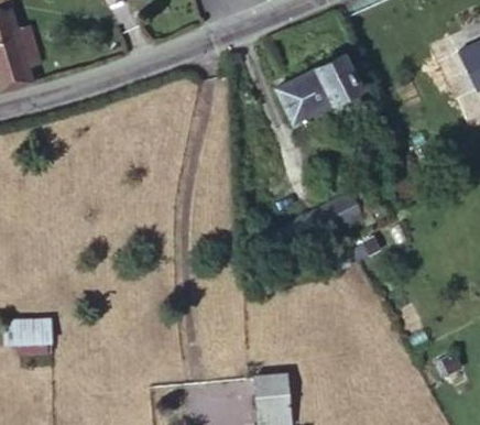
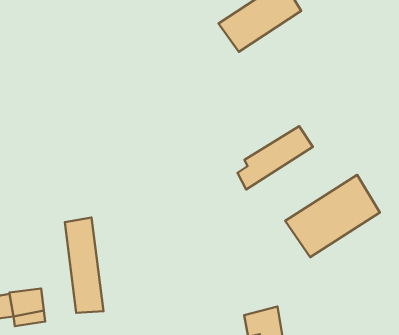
building: none -> [285,175,380,257]
building: none -> [65,217,103,313]

